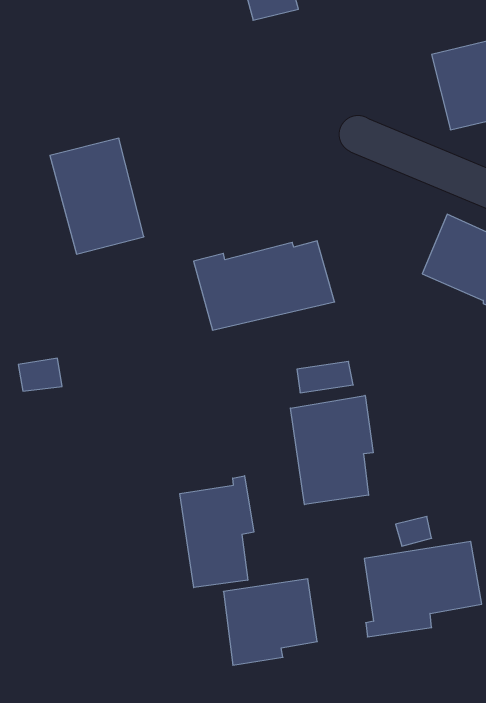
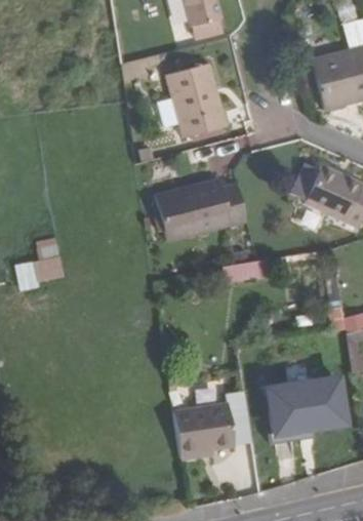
building: [50,138,144,254] -> [163,63,225,138]
building: [290,395,373,505] -> none
building: [180,476,254,588] -> none

